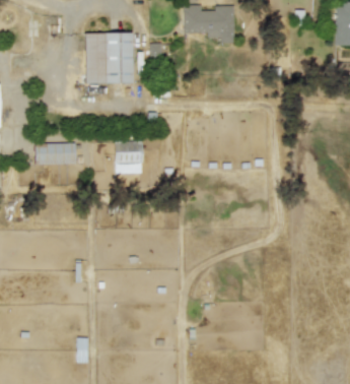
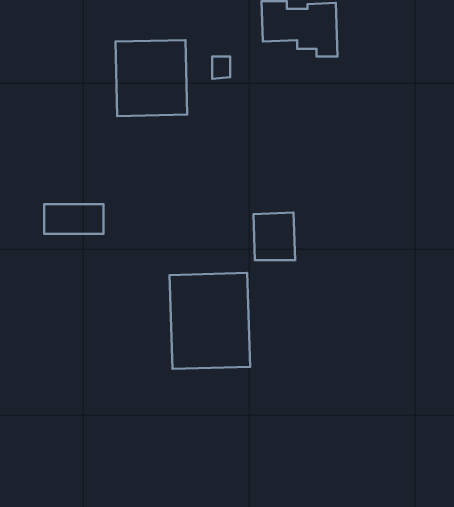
building: [116,141,144,174] -> [253,213,295,260]
building: none -> [170,273,250,369]

